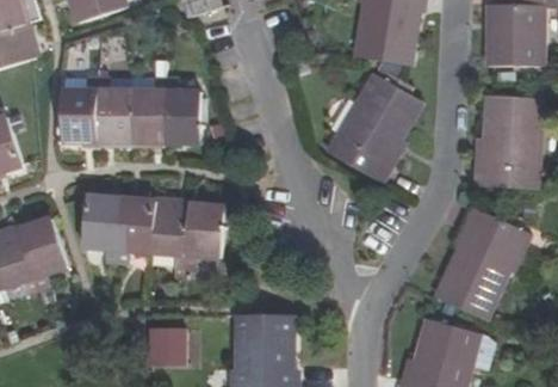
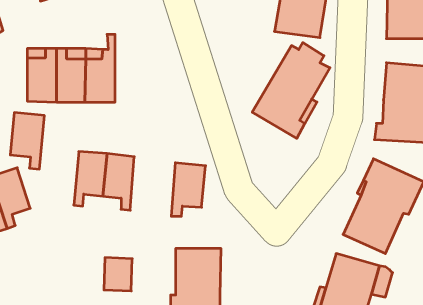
building: [166,79,200,142] -> none
building: [82,196,123,263] -> [10,113,44,169]
building: [184,205,224,269] -> [171,163,206,216]

